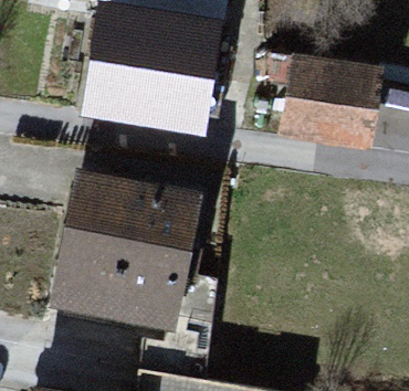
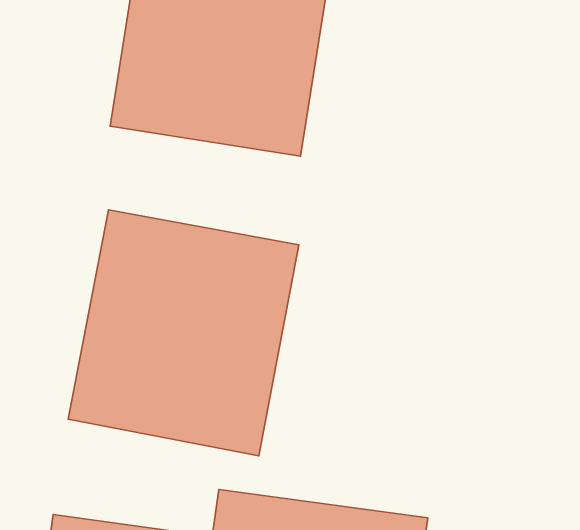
building: [281,60,371,142] -> none

